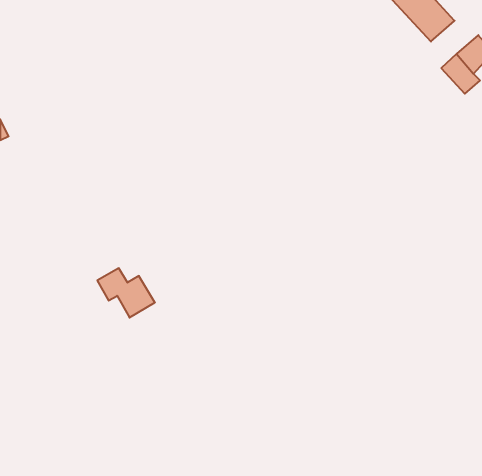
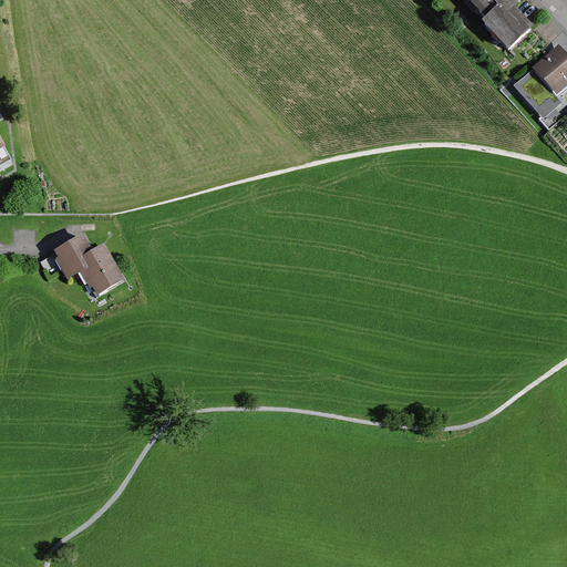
building: [97,268,155,318] -> [56,235,124,292]

